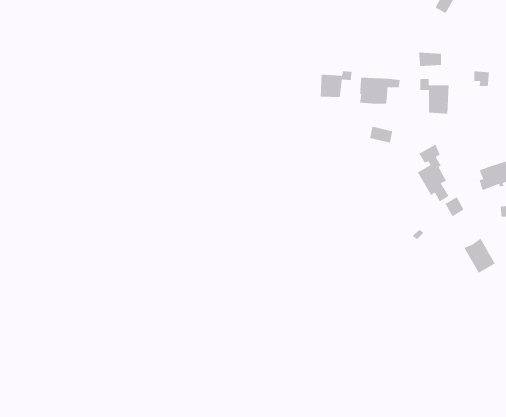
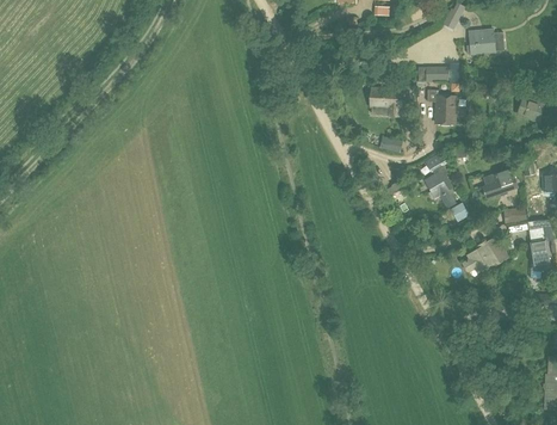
building: none -> [468,27,506,54]
building: [320,70,352,98] -> none

